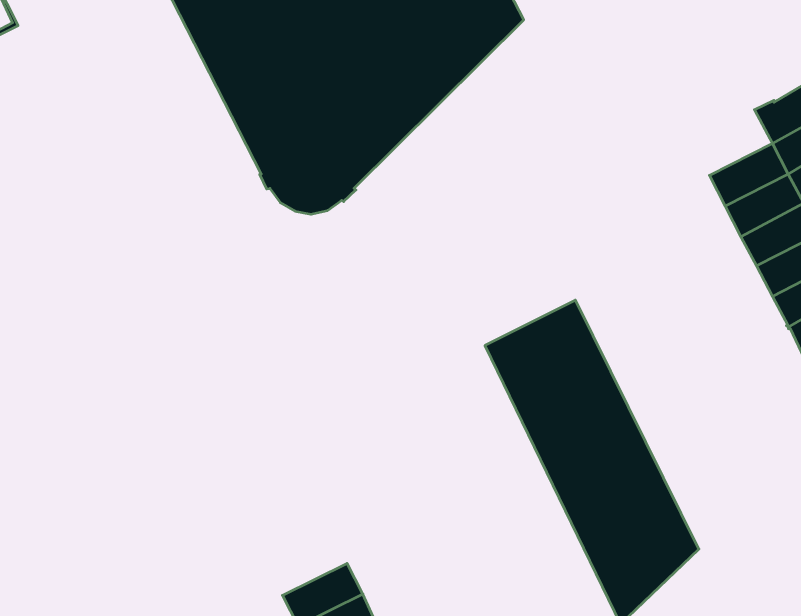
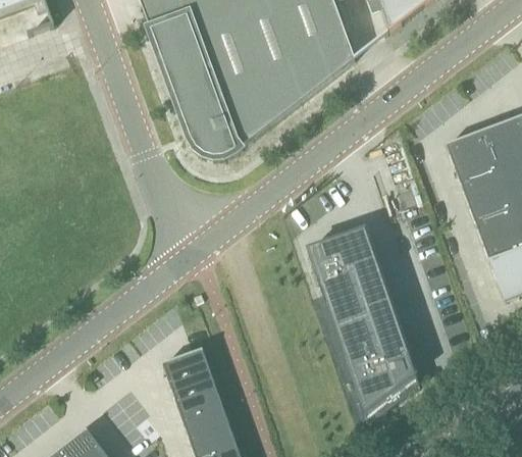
building: none -> [446,128,493,163]
building: none -> [162,347,210,382]

